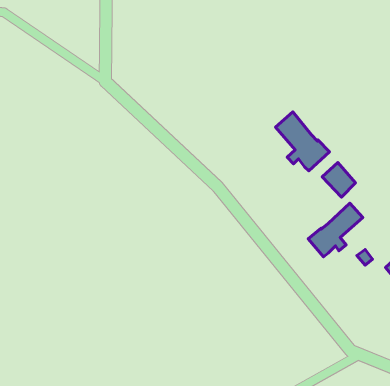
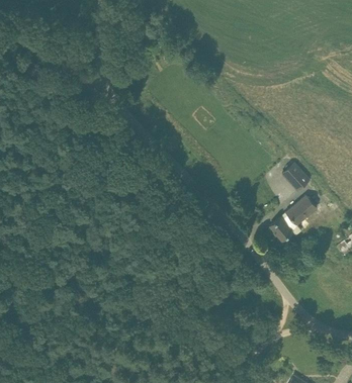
building: [275,112,330,171] -> none

